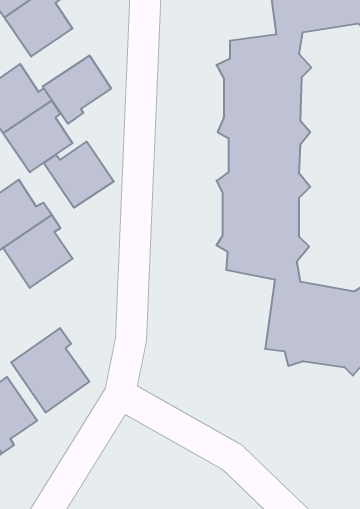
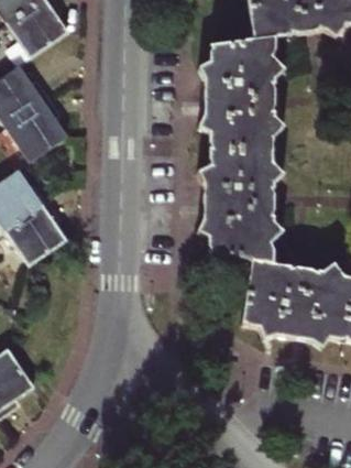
building: [43,55,111,124] -> none
building: [44,142,114,208] -> none
building: [11,328,89,413] -> none

